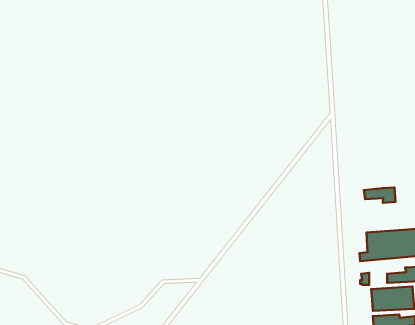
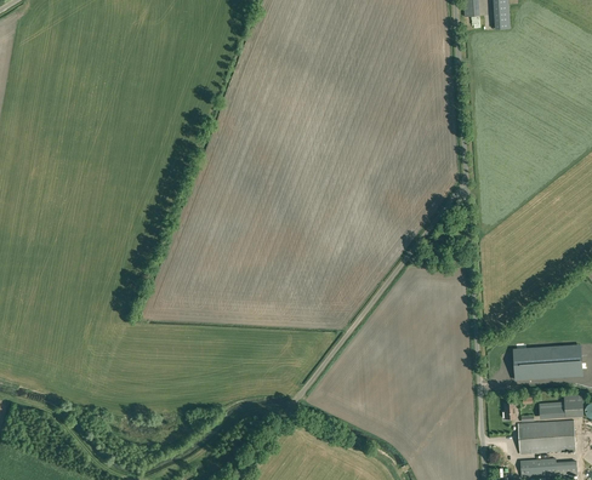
building: [364,187,396,203] -> none

